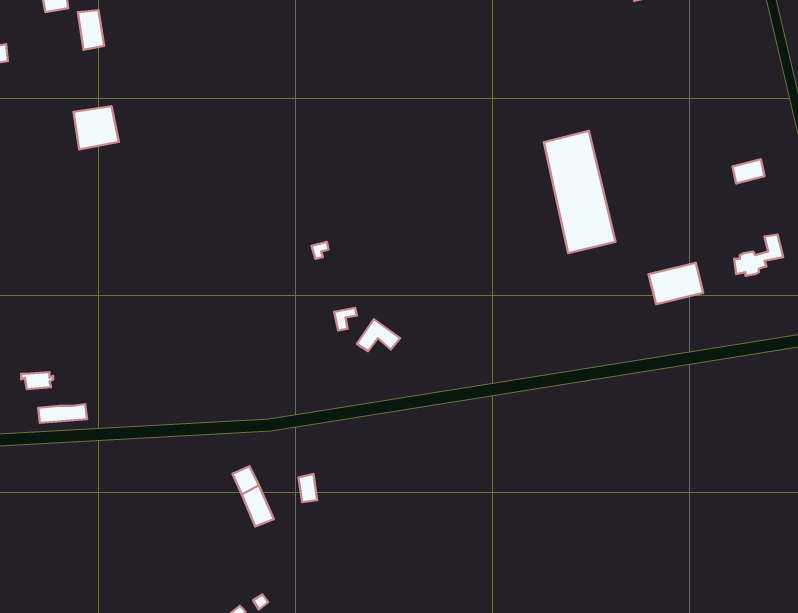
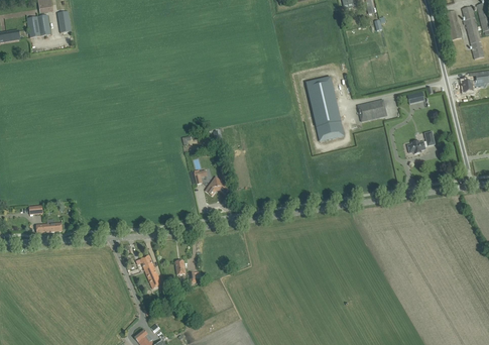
building: [74,106,119,150] -> [27,14,51,37]
building: [649,263,703,304] -> [358,99,387,121]

